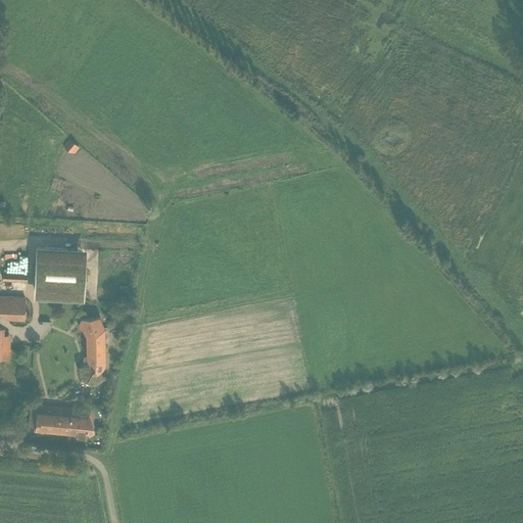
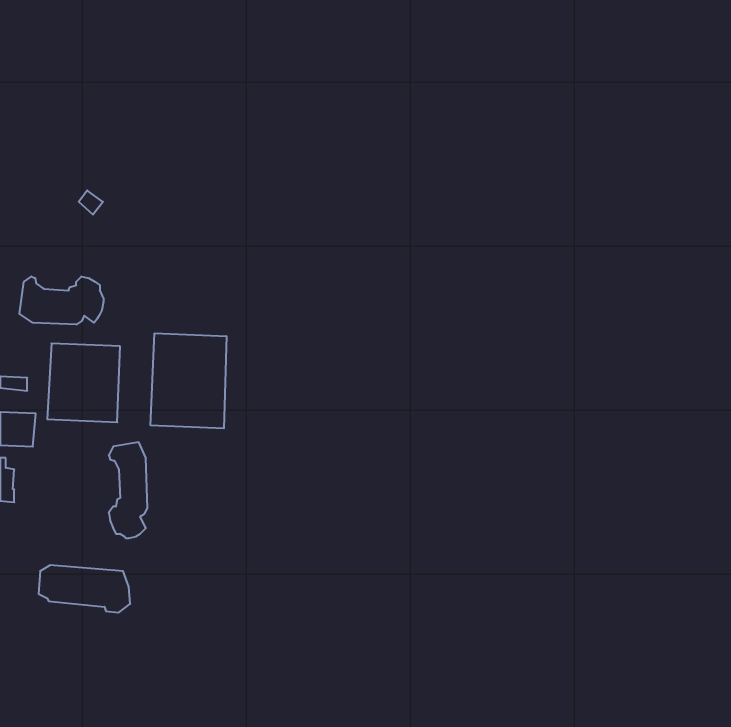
building: none -> [19,276,103,325]
building: none -> [151,333,226,428]

